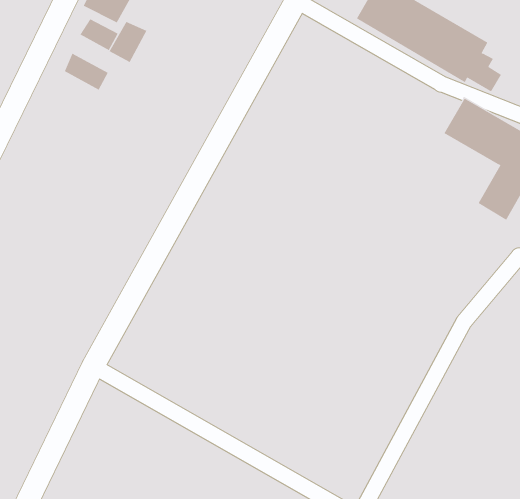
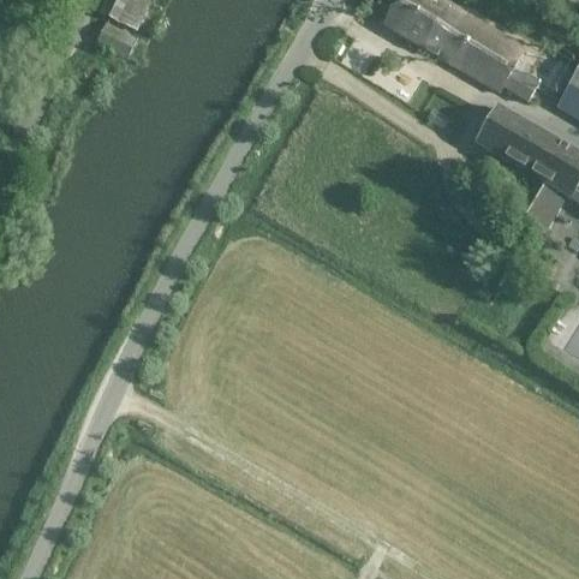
building: [109,21,147,63] -> none
building: [64,53,109,91] -> none

